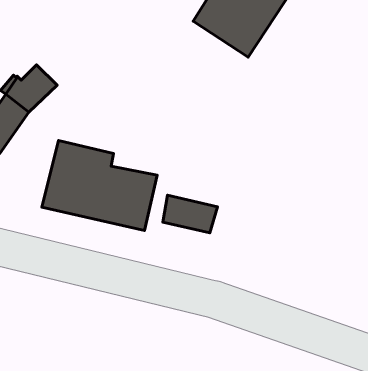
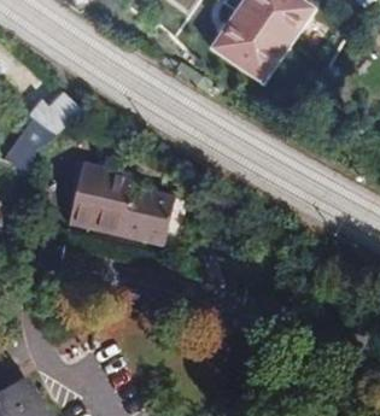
building: [163,195,218,233] -> none

